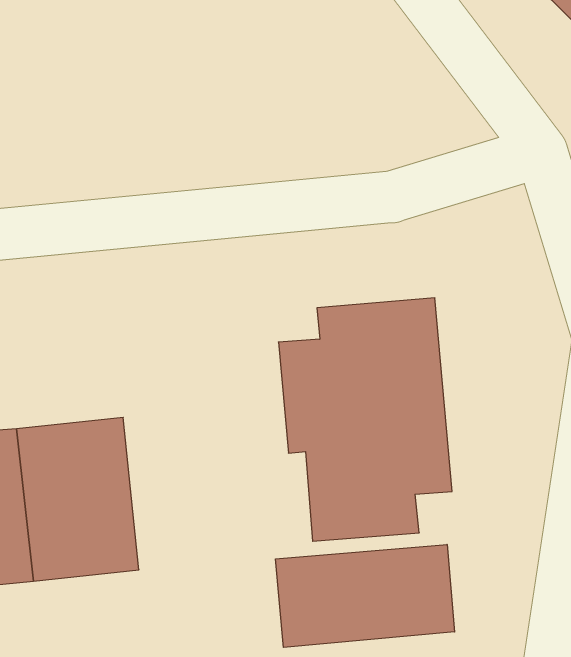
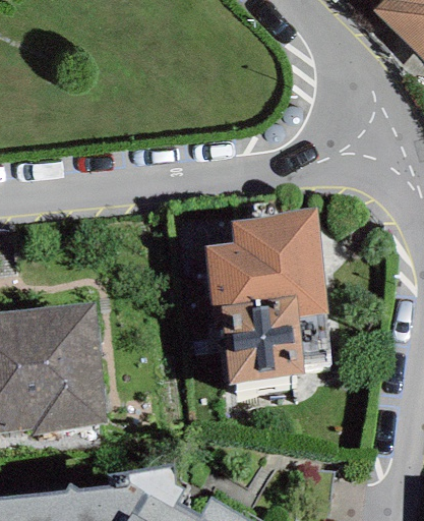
building: [276,544,455,647] -> none

